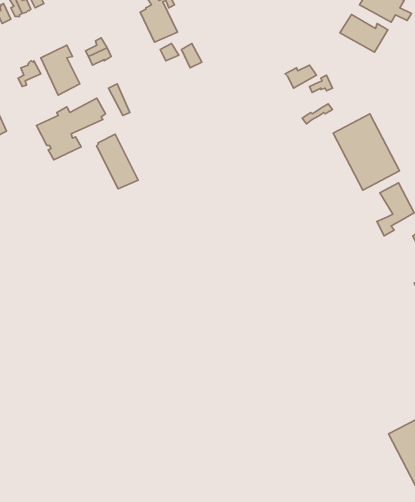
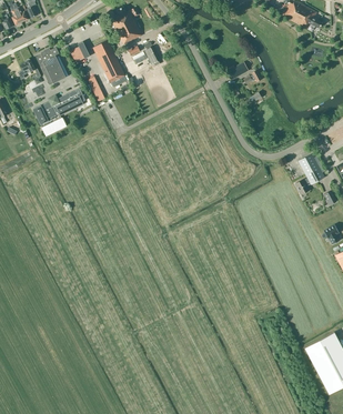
building: [340,14,388,52] -> none
building: [333,114,399,190] -> none
building: [97,134,138,189] -> [93,40,125,82]

